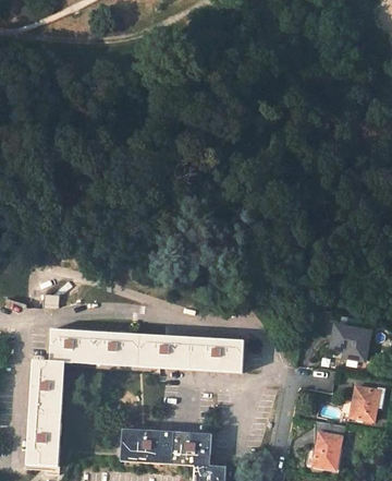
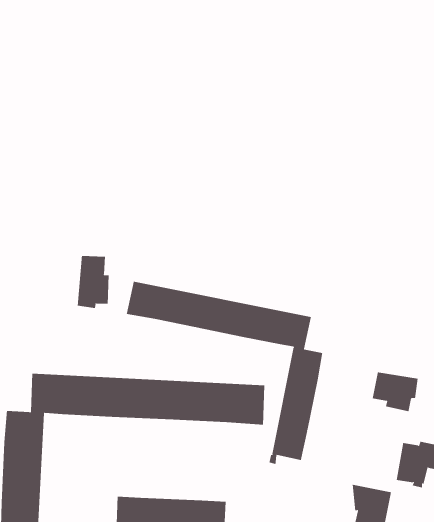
building: none -> [77,255,109,309]
building: none -> [126,281,323,465]

